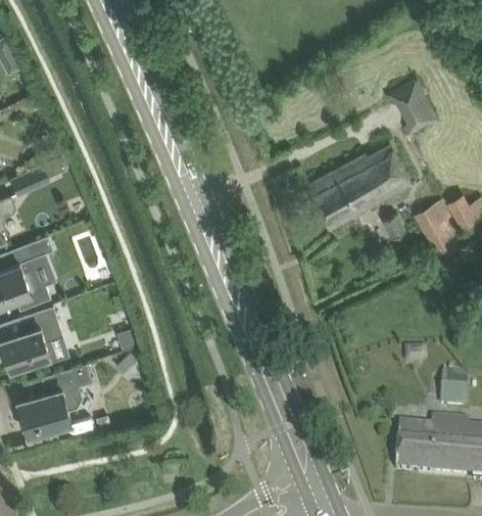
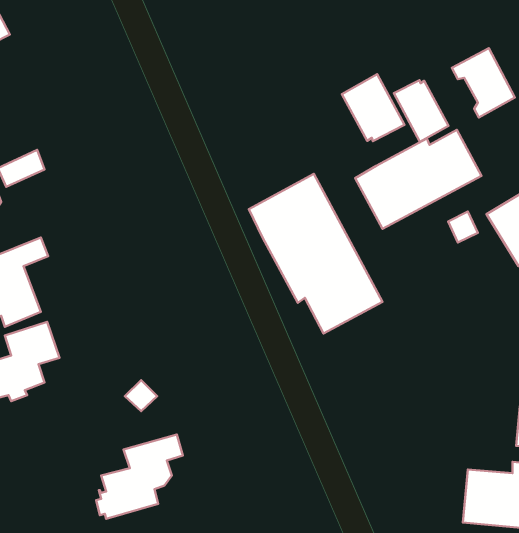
building: none -> [342,74,404,141]
building: none -> [394,80,448,142]
building: none -> [249,174,383,333]
building: [19,365,91,434] -> [96,435,183,519]

